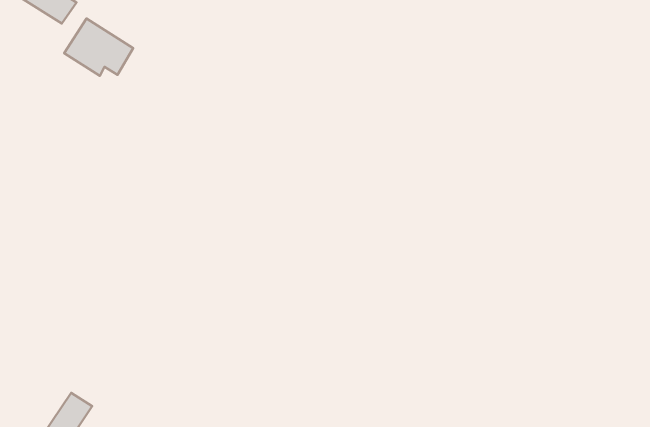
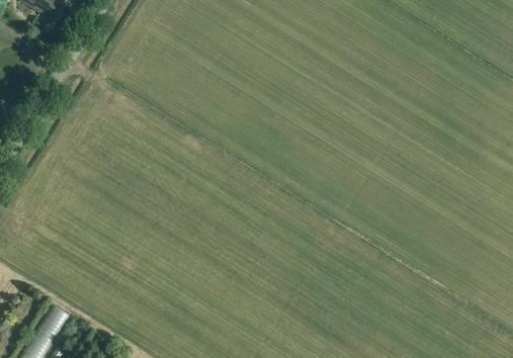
building: [64,19,133,76] -> none

